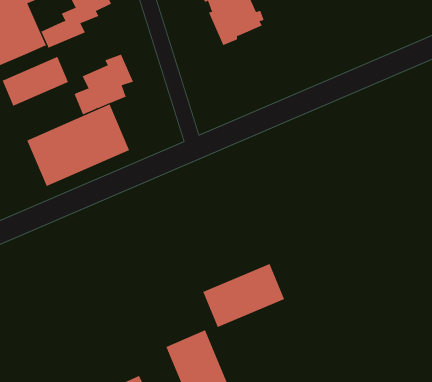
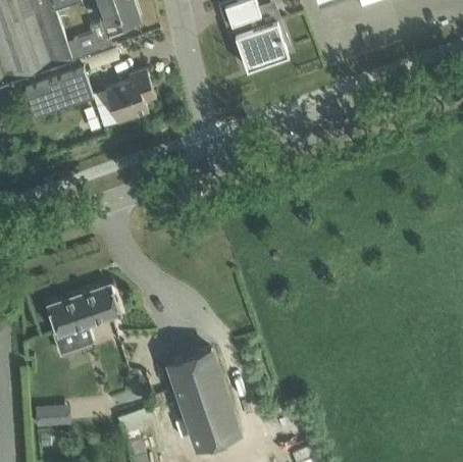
building: [26,104,130,187] -> none
building: [203,263,285,328] -> none
building: none -> [46,284,119,355]

